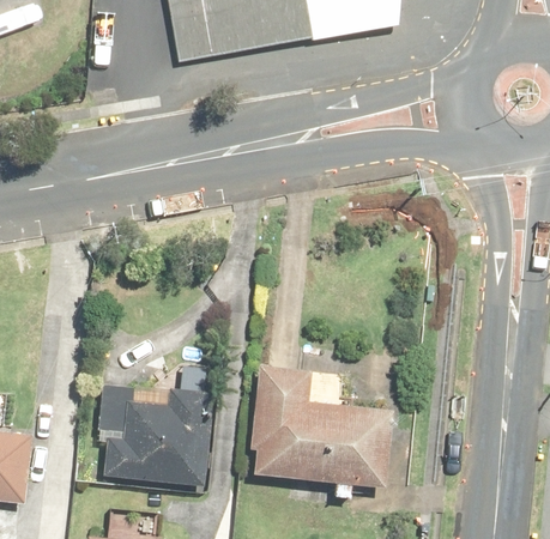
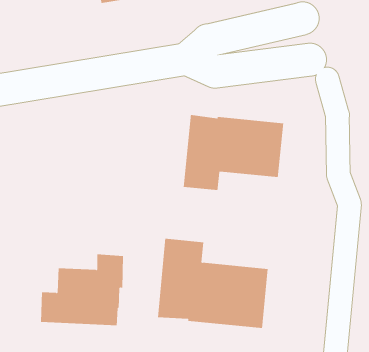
building: none -> [183,114,284,191]

